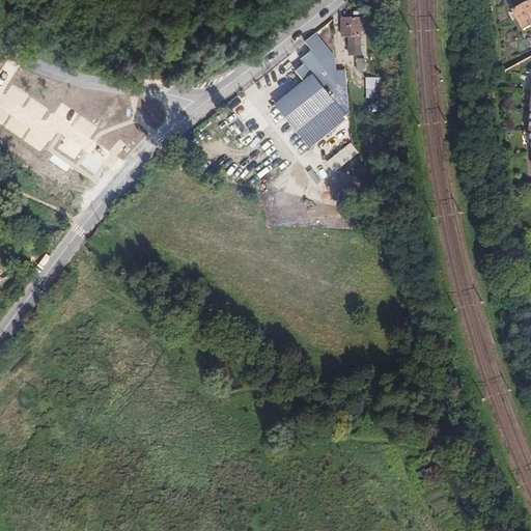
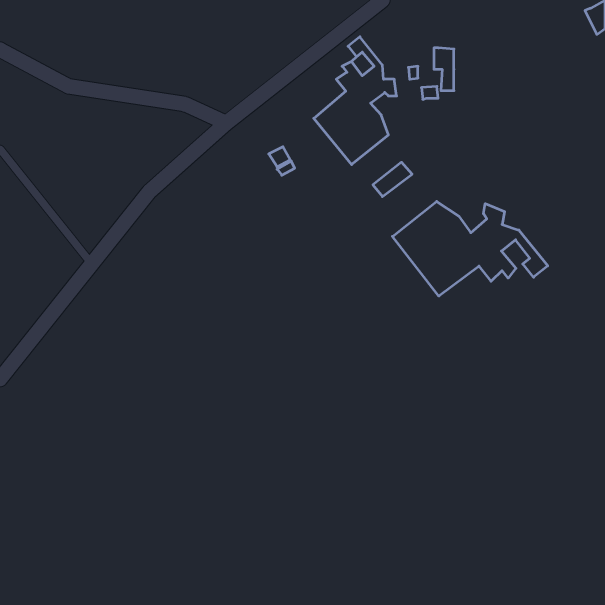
building: [342,18,360,55] -> [434,48,454,91]
building: none -> [392,201,548,296]

